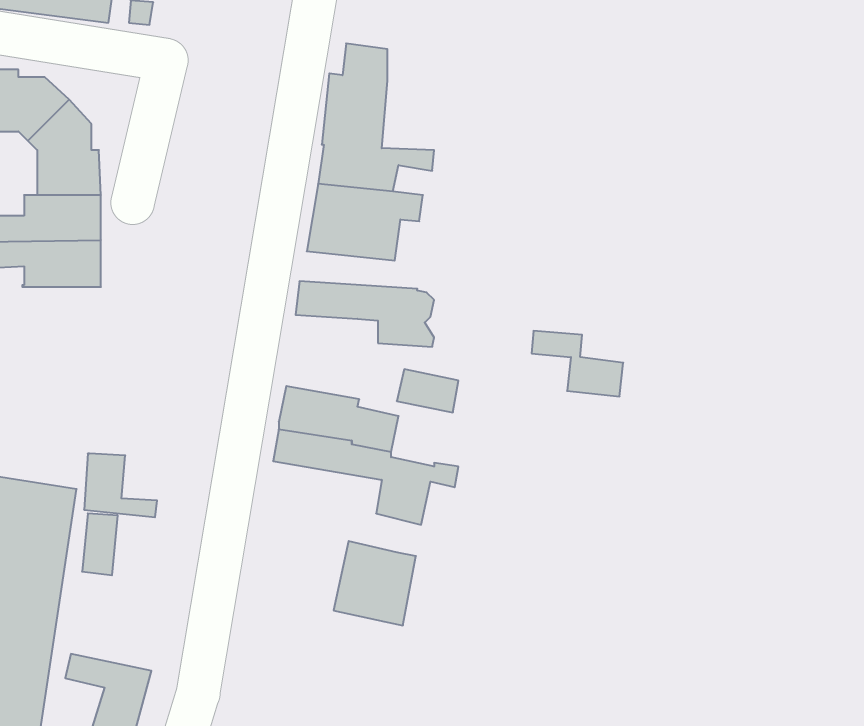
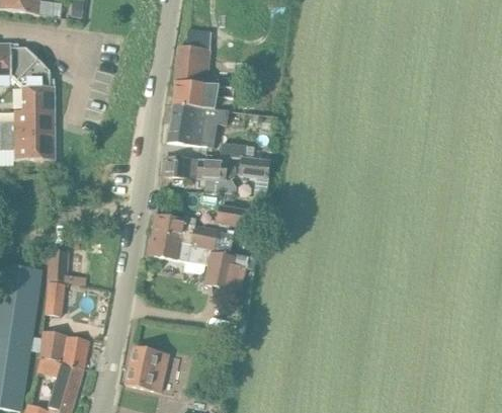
building: [532,331,623,396] -> [220,143,269,178]
building: [334,541,416,625] -> [124,346,169,392]
building: none -> [39,330,89,367]

